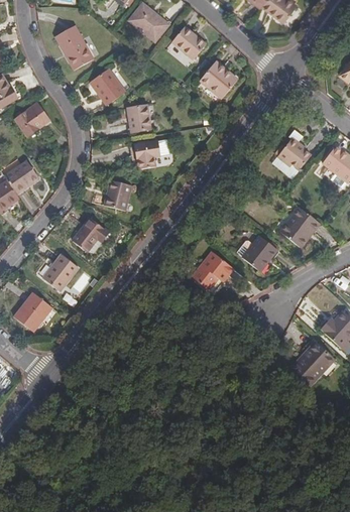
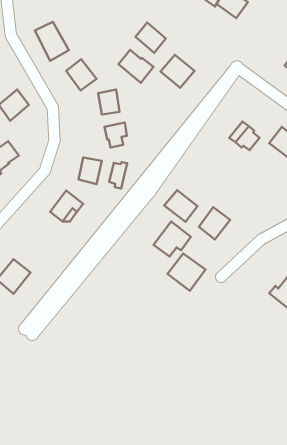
building: [128,5,167,42] -> [119,50,153,83]
building: none -> [109,162,127,188]
building: [278,208,319,248] -> none
building: none -> [164,190,197,222]
building: [40,253,78,291] -> none
building: none -> [168,253,205,291]
building: [290,341,335,385] -> none

